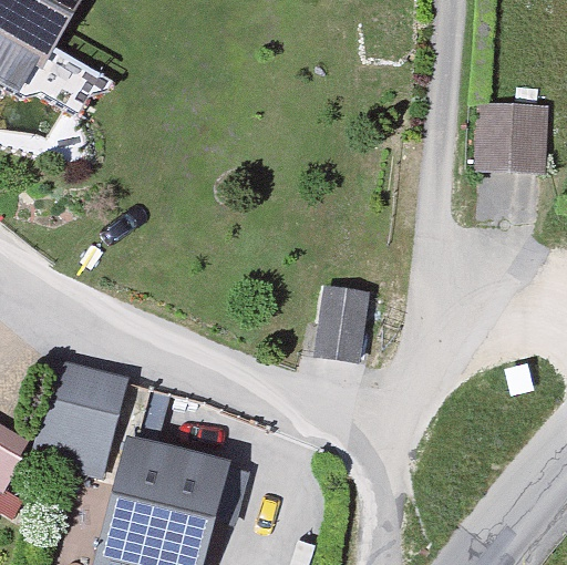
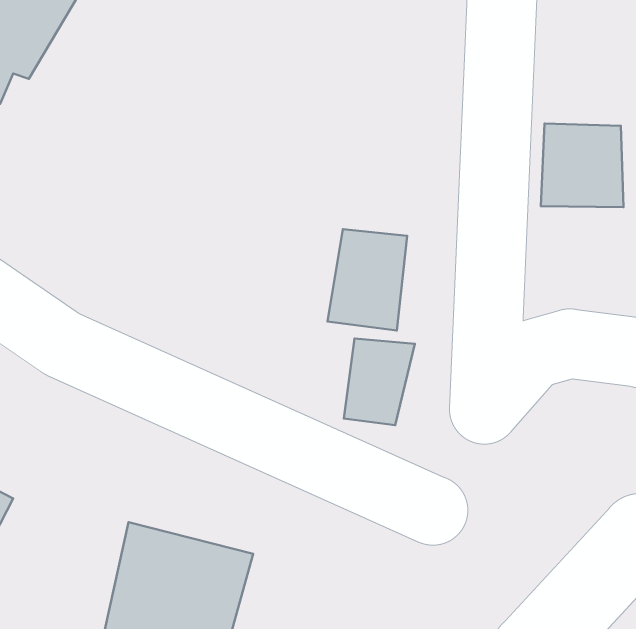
building: none -> [328,229,407,331]
building: [39,348,126,454] -> none

